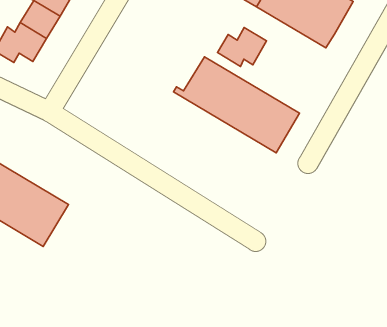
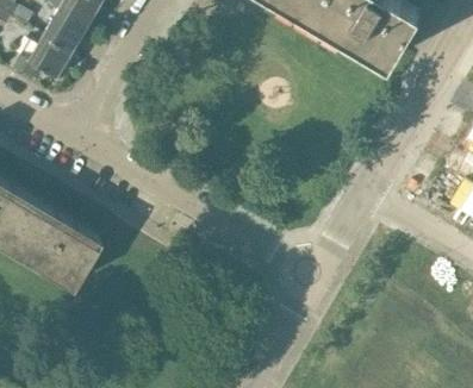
building: [218,28,267,67] -> none
building: [174,57,300,153] -> none

